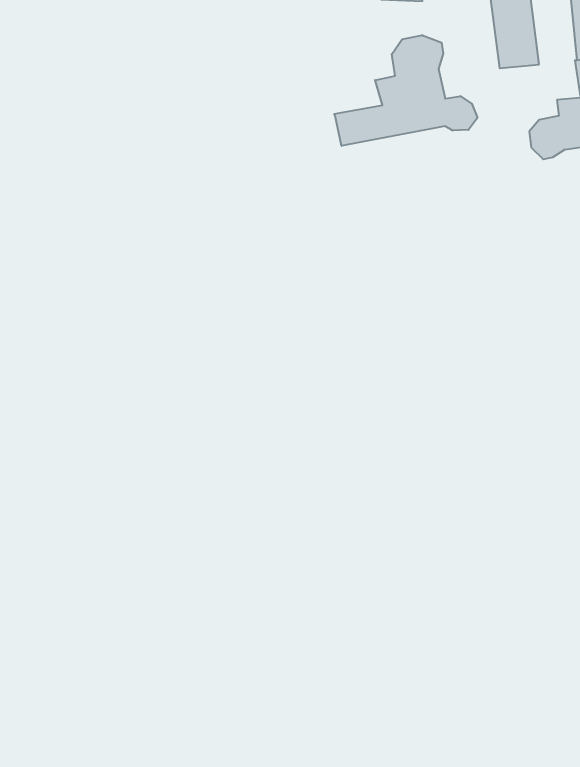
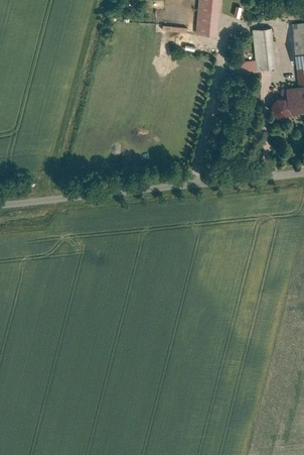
building: [334,35,477,146] -> none

